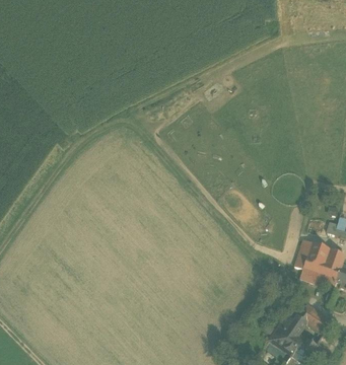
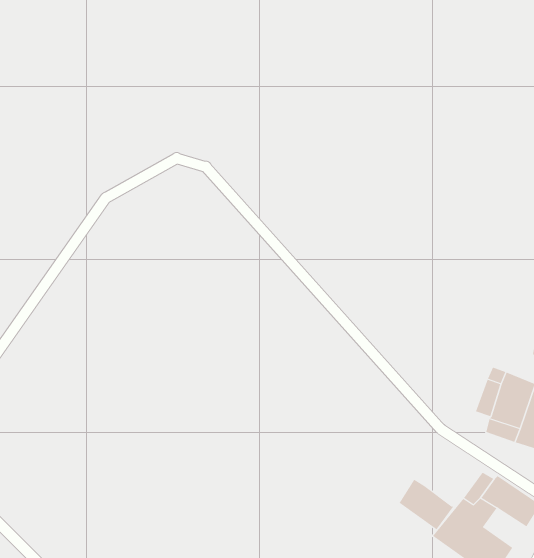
building: none -> [399,479,454,530]

